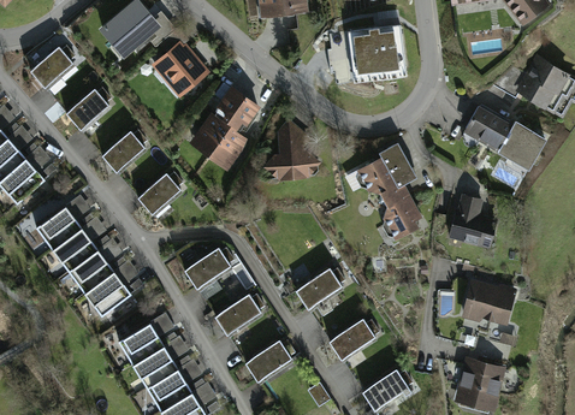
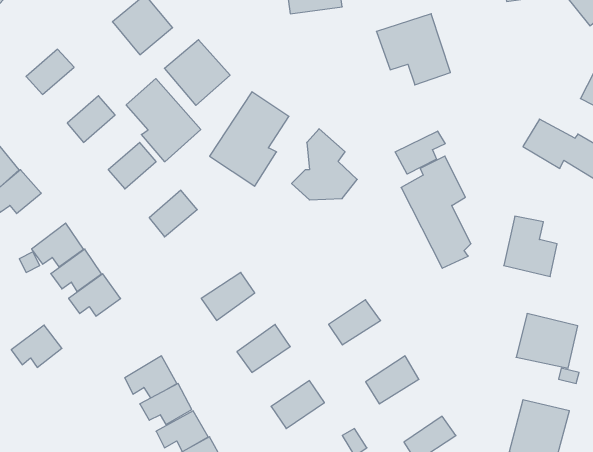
building: none -> [126,79,201,162]
building: none -> [395,131,445,174]
building: [84,268,129,306] -> [11,325,62,367]

